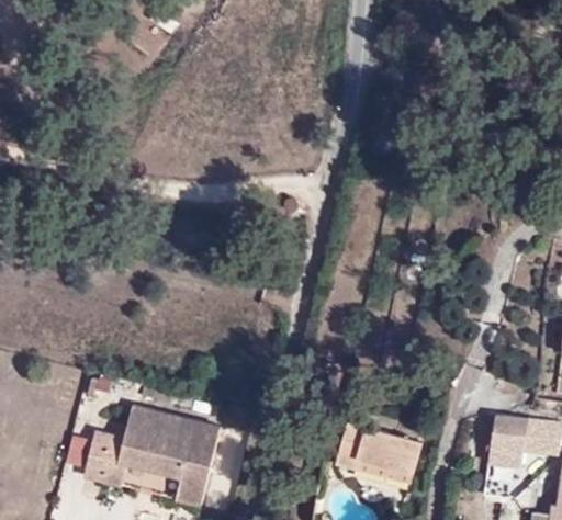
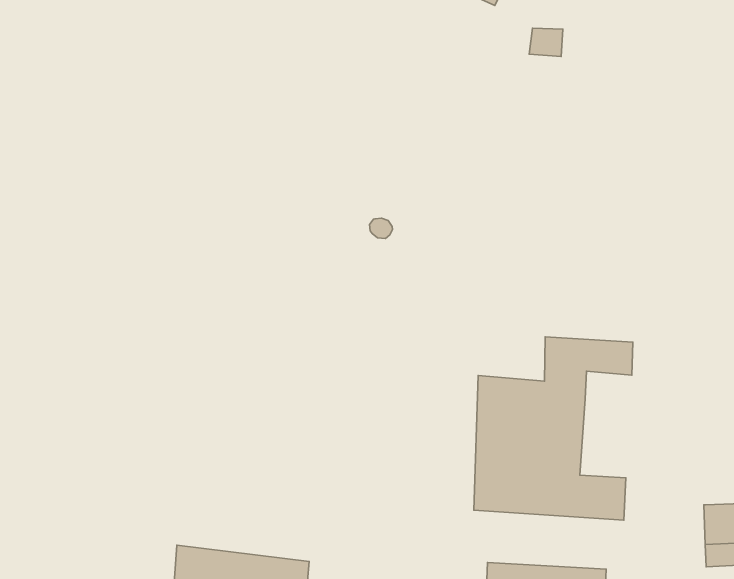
building: none -> [474,337,633,520]

